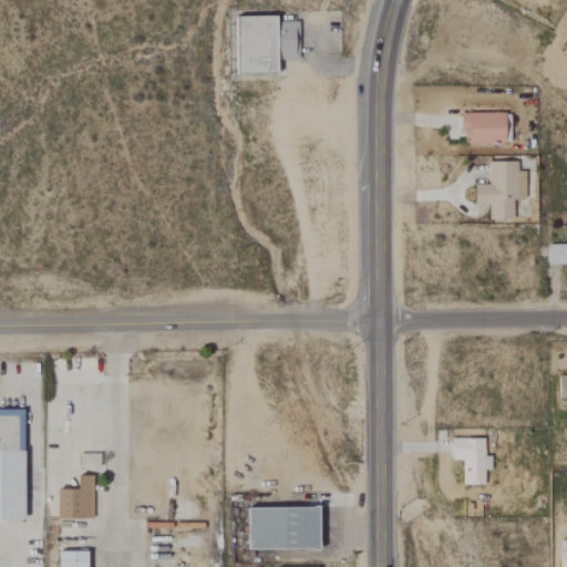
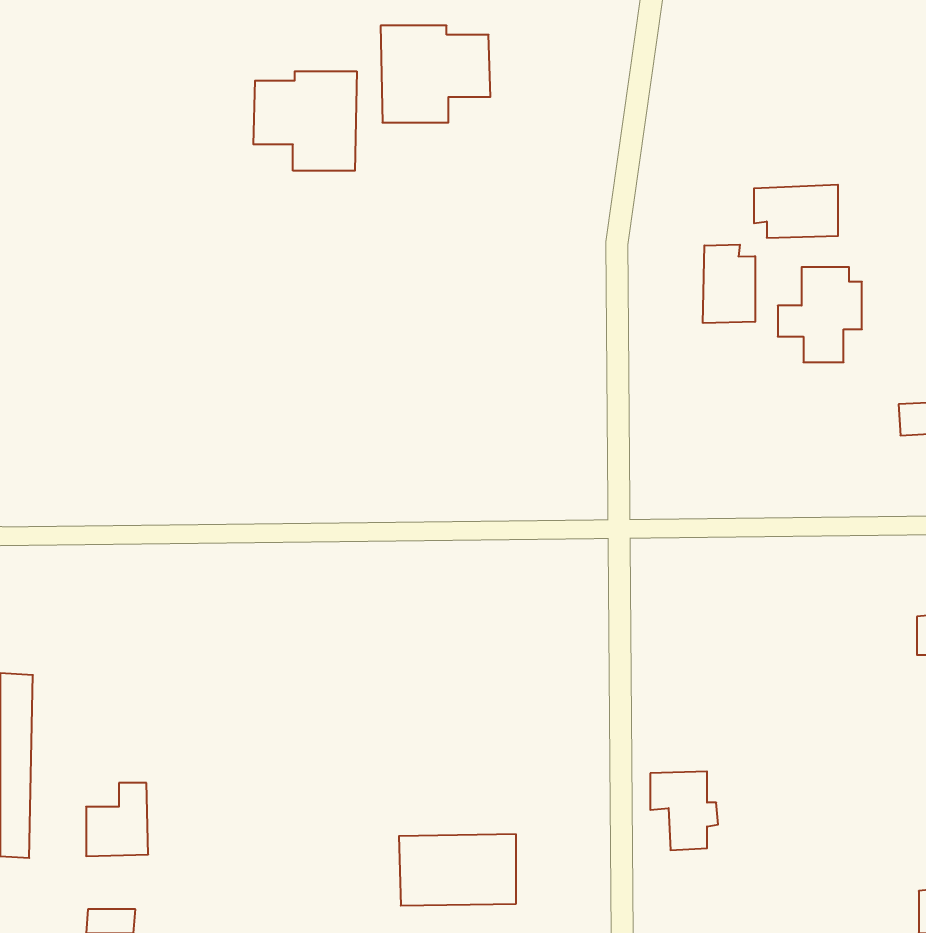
building: none -> [253,71,357,171]
building: none -> [703,245,755,323]
building: [453,436,494,484] -> [650,771,718,850]

